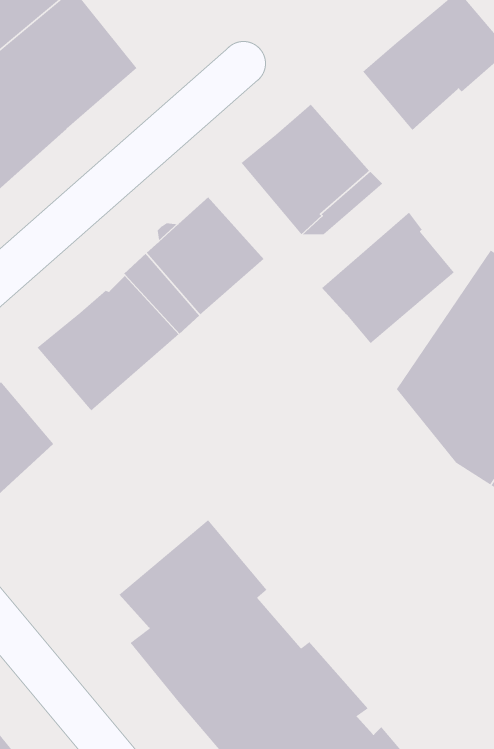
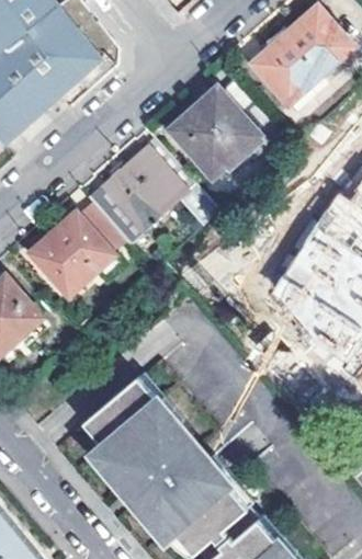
building: [321,211,455,344] -> none

